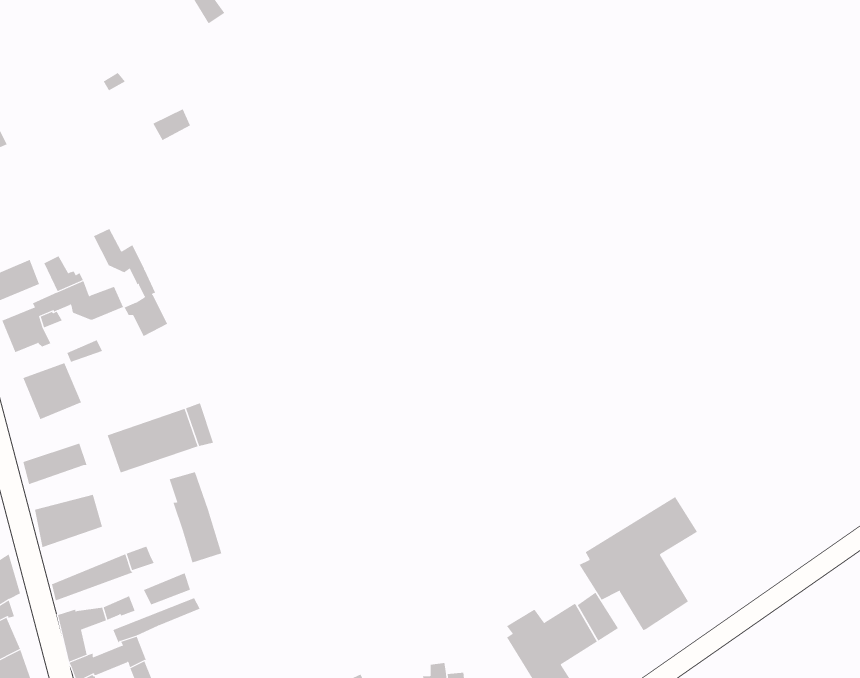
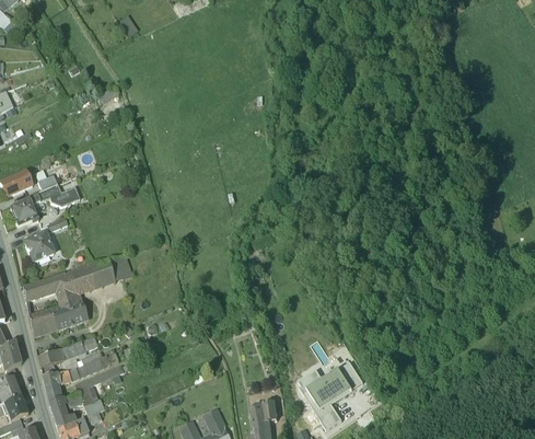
building: [93,228,168,337] -> none
building: [169,471,222,563] -> [55,272,85,324]
building: [579,496,698,631] -> none

